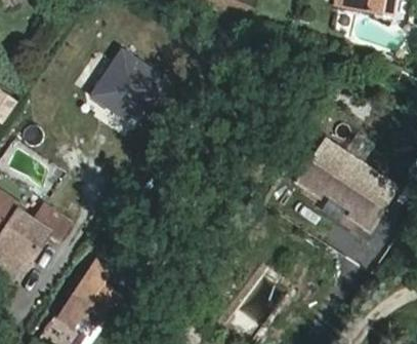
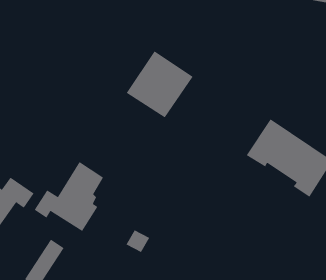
building: [91,49,165,123] -> [126,50,194,118]
building: none -> [34,161,104,232]

